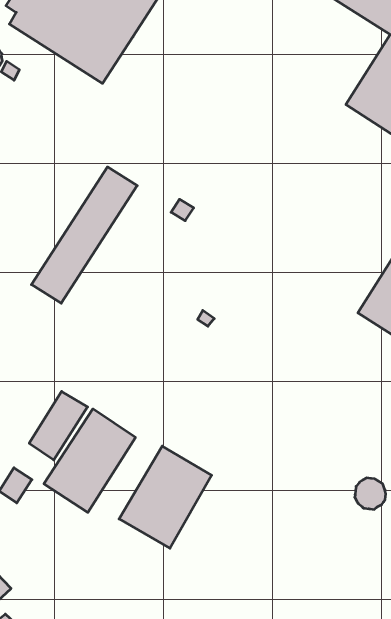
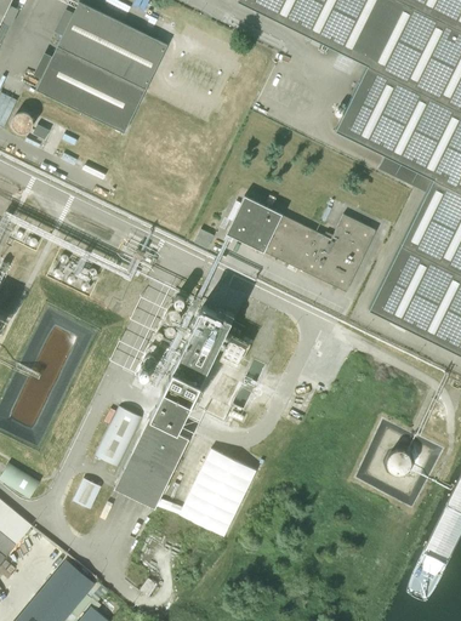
building: [31,167,137,303] -> [148,307,230,431]
building: none -> [226,196,376,292]

